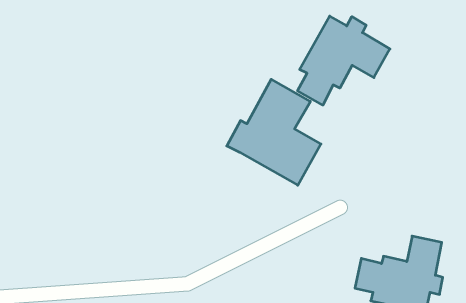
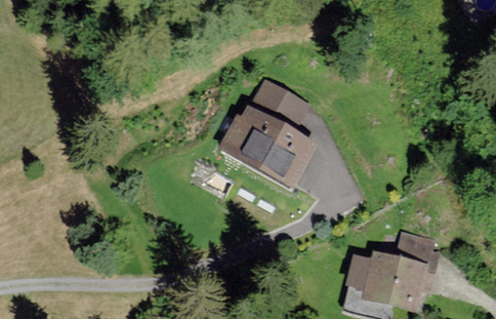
building: [298,16,390,105] -> none

